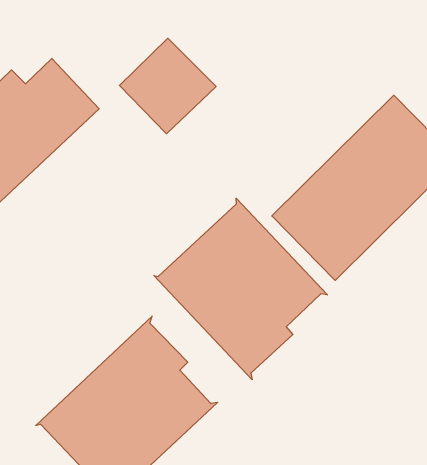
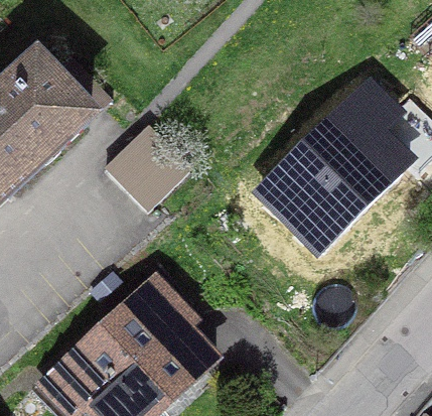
building: [119,38,216,134] -> [102,128,186,212]
building: [154,198,327,380] -> none

